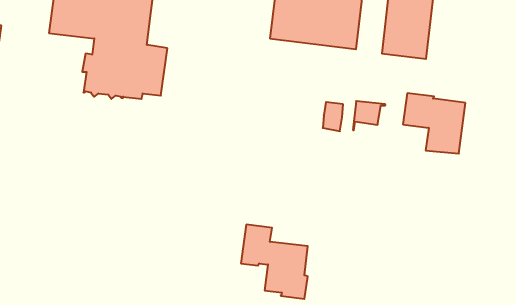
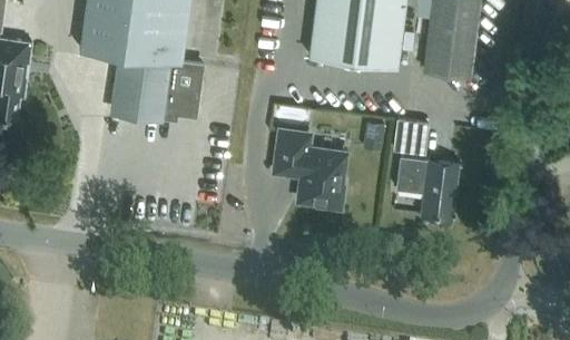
building: [403,93,465,154] -> [397,153,462,215]
building: [241,225,308,299] -> [275,128,344,205]

